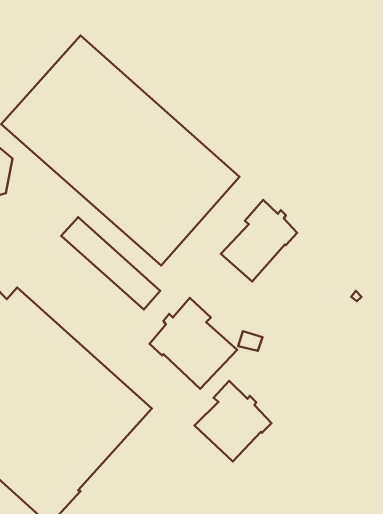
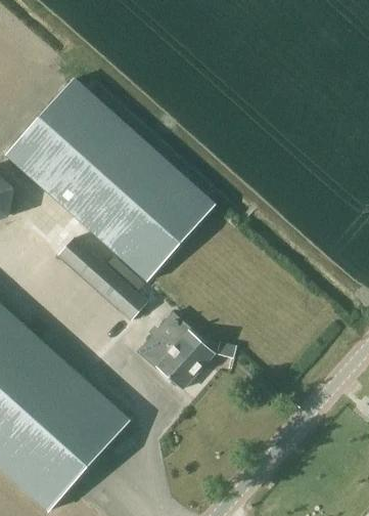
building: [221,200,297,282] -> none
building: [195,381,272,461] -> none

